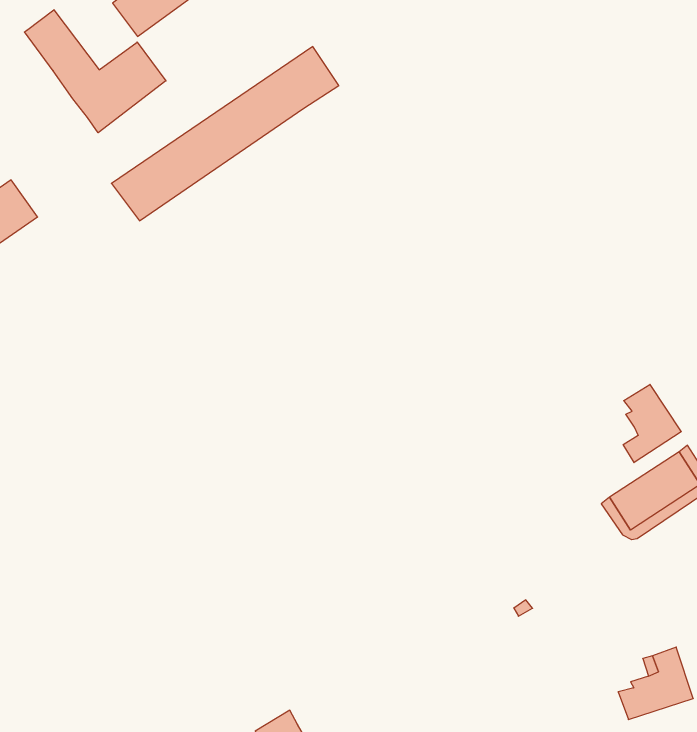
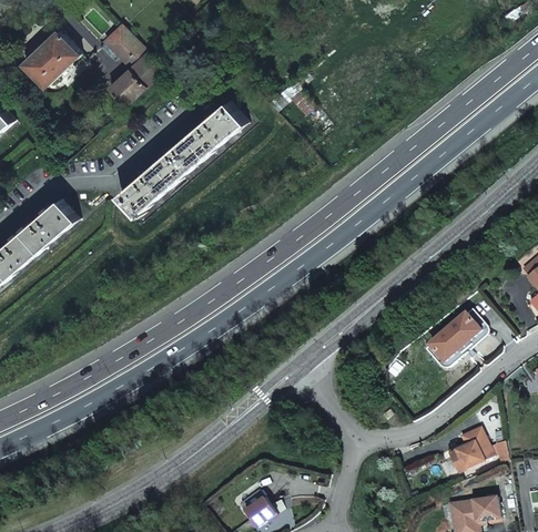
building: [24,10,166,133] -> none
building: [623,384,681,463] -> none

